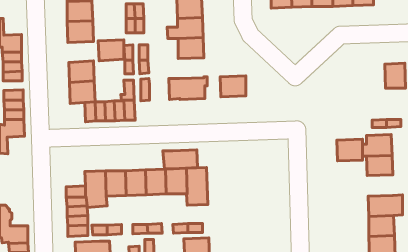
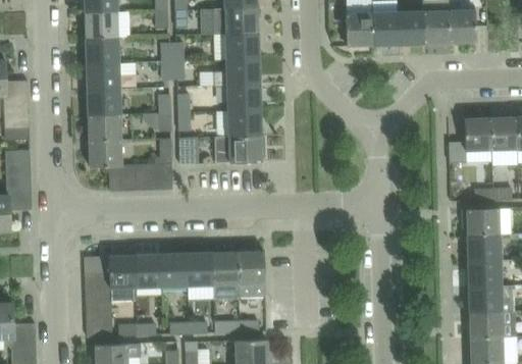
building: [98,40,124,61] -> [87,90,119,116]
building: none -> [448,118,491,163]
building: [220,76,246,97] -> [227,110,260,137]
building: [337,139,362,161] -> [468,259,501,287]
building: [163,150,197,169] -> none

